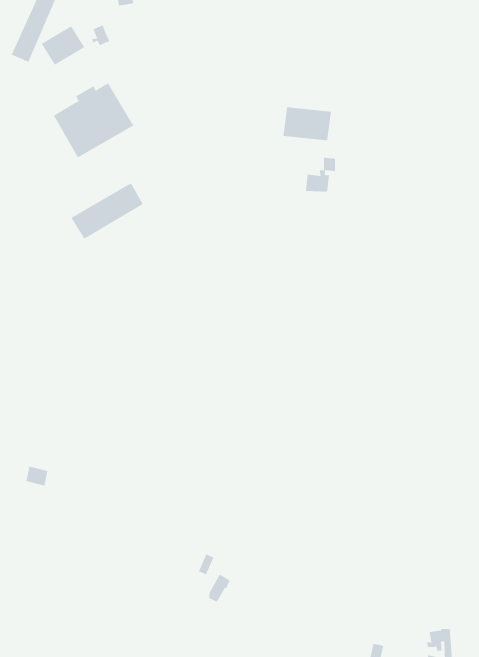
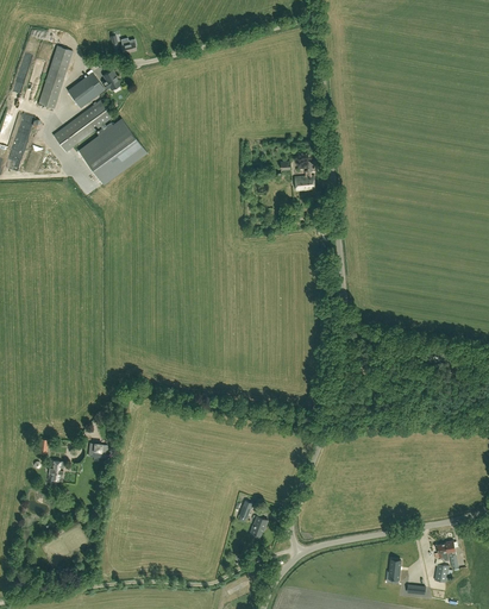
building: [283,107,331,141] -> none
building: [70,183,144,239] -> [52,101,112,152]

